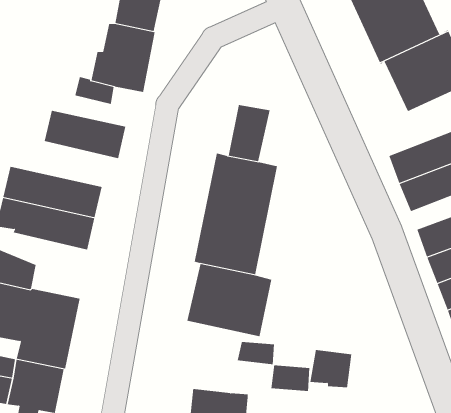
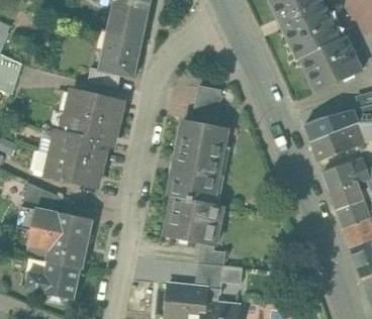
building: none -> [61,111,117,144]
building: [309,350,352,388] -> [194,261,223,288]

